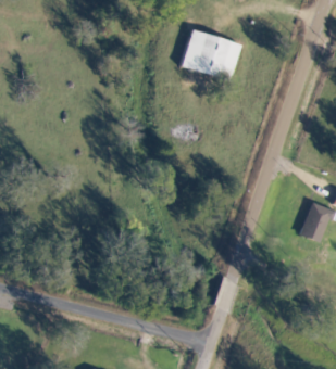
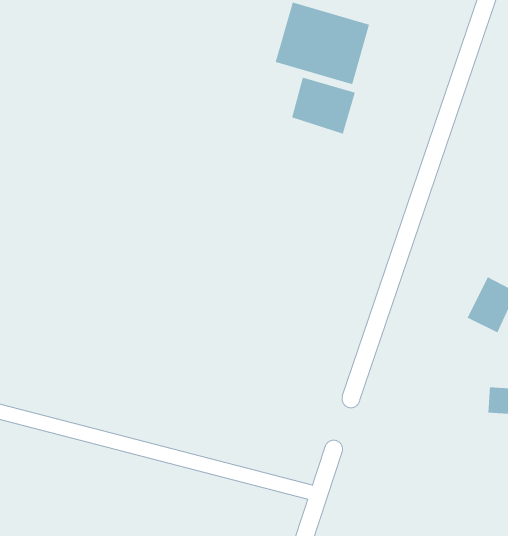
building: none -> [291,77,356,135]

